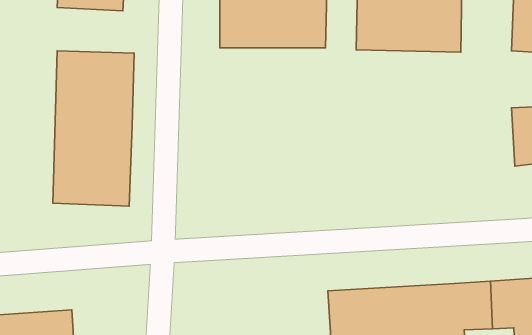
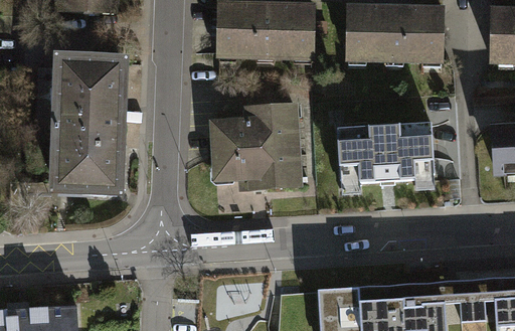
building: none -> [209,108,304,198]
building: none -> [335,127,433,196]

